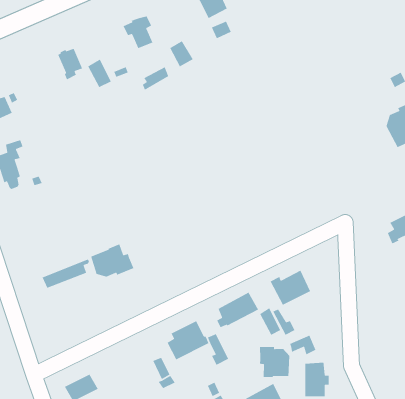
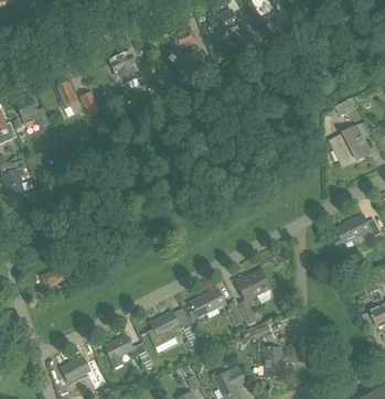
building: none -> [14,96,49,126]
building: [90,243,134,278] -> none
building: [259,346,290,378] -> none
building: none -> [104,334,133,367]

